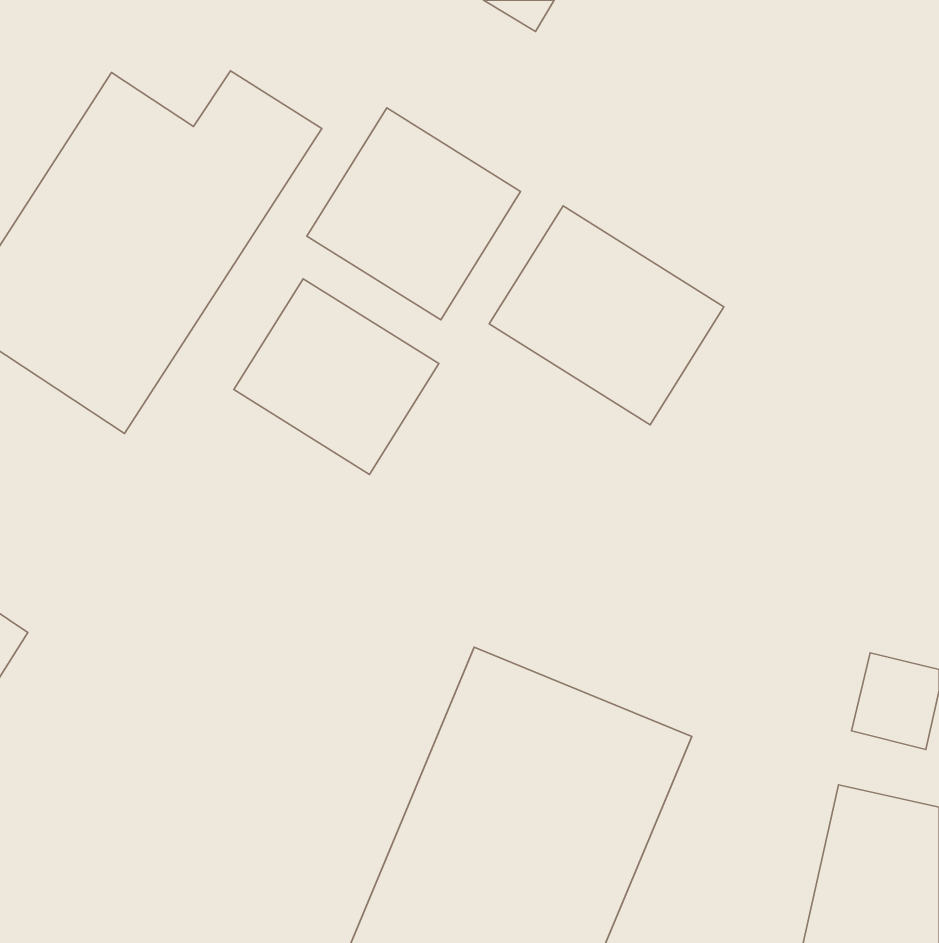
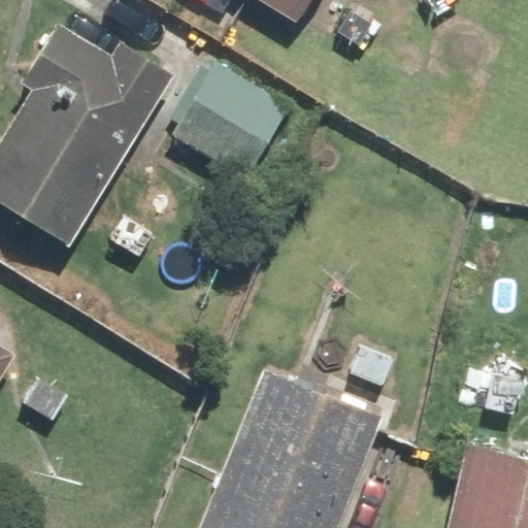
building: [489,206,724,425] -> none
building: [234,279,439,474] -> none

